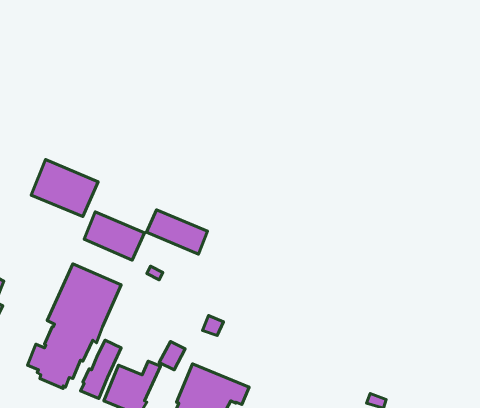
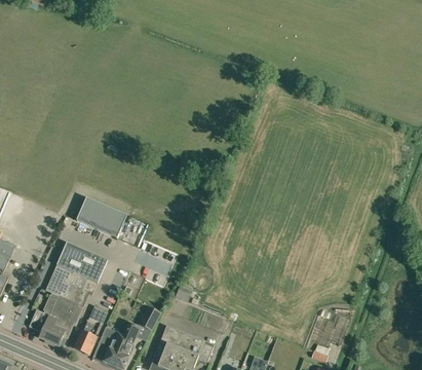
building: [31,159,98,216] -> none
building: [147,210,208,254] -> none

